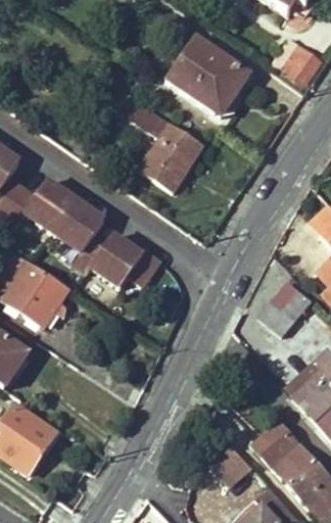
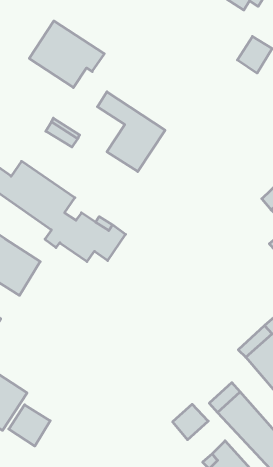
building: [169,37,250,109] -> [29,21,104,88]
building: [258,287,311,334] -> none
building: none -> [9,405,50,446]

